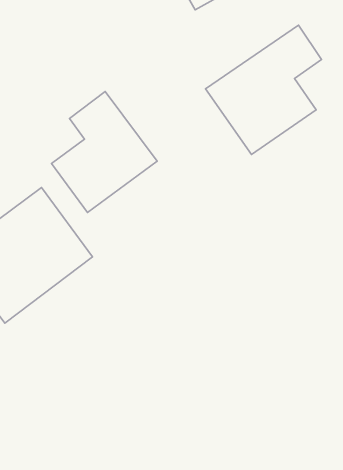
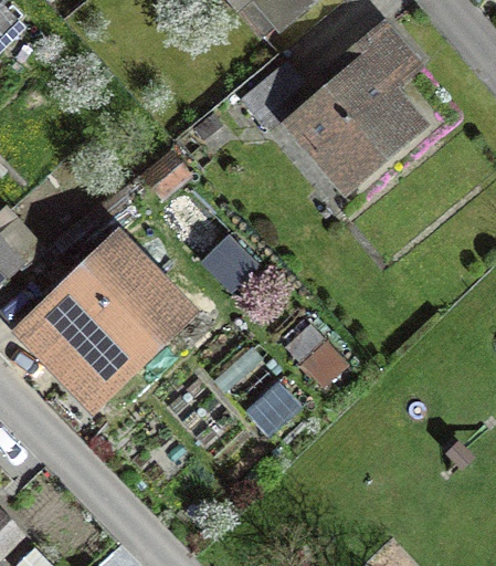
building: [52,91,157,212] -> none

